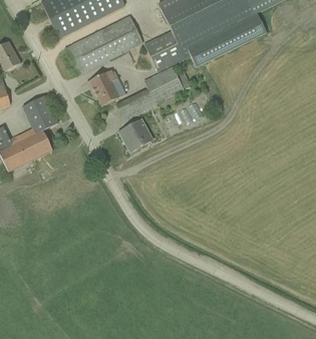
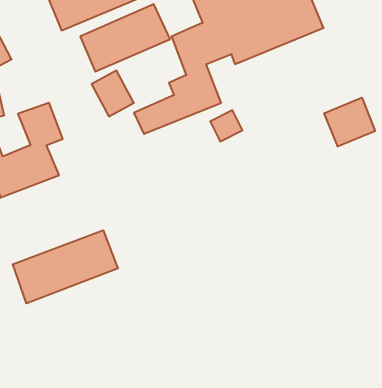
building: none -> [324,98,375,147]
building: [113,117,149,151] -> none
building: none -> [13,230,118,303]

